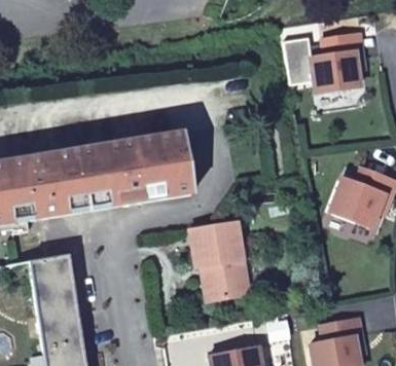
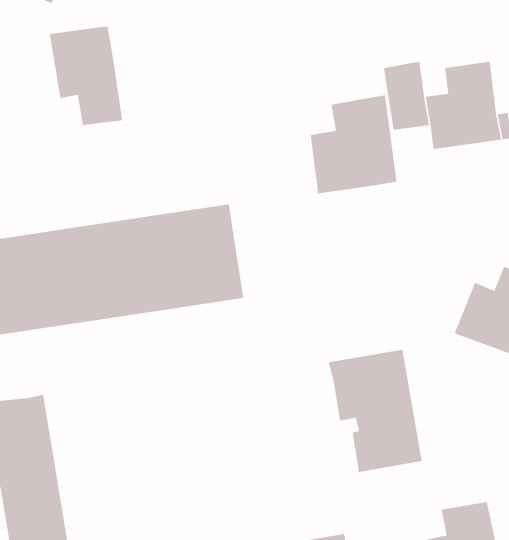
building: none -> [49,25,123,126]
building: none -> [310,95,397,194]
building: [189,218,250,297] -> [328,349,422,473]

